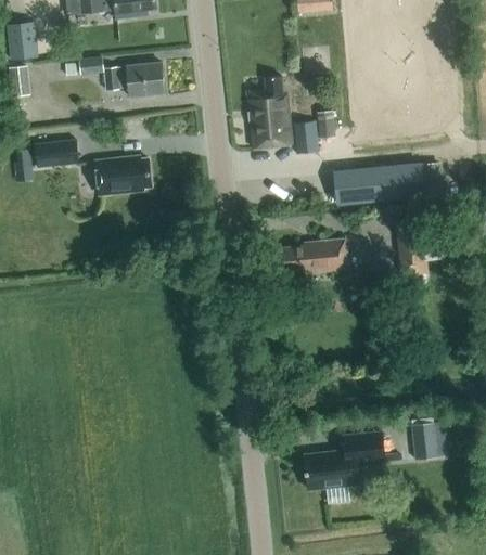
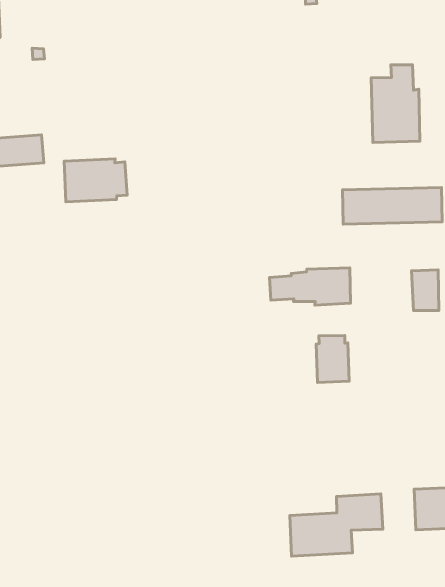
building: [77,56,165,98] -> none
building: [247,78,292,146] -> [371,65,420,143]
building: [295,124,329,155] -> none
building: none -> [316,335,349,383]

